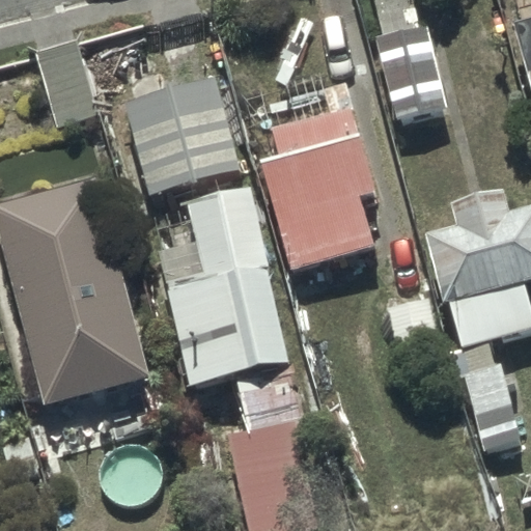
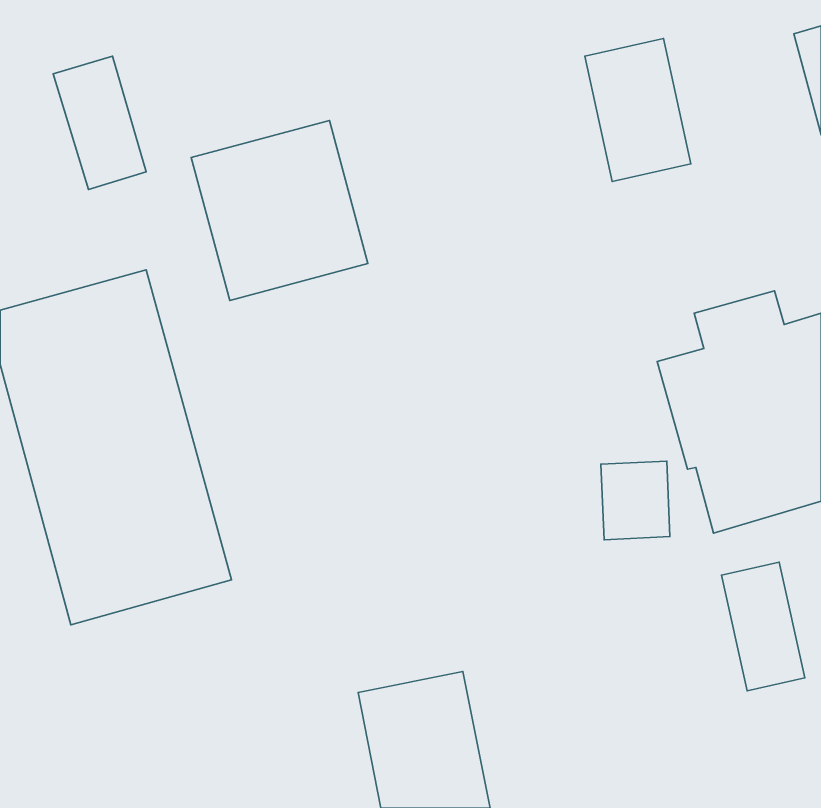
building: [259,106,376,269] -> none
building: [164,192,288,388] -> none

